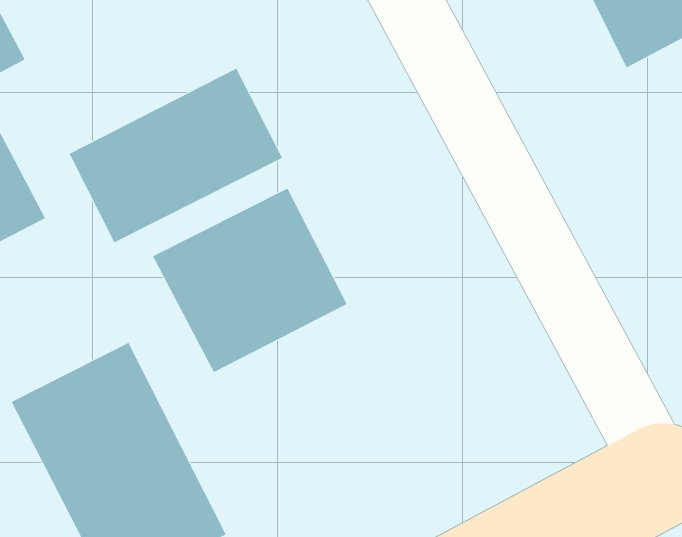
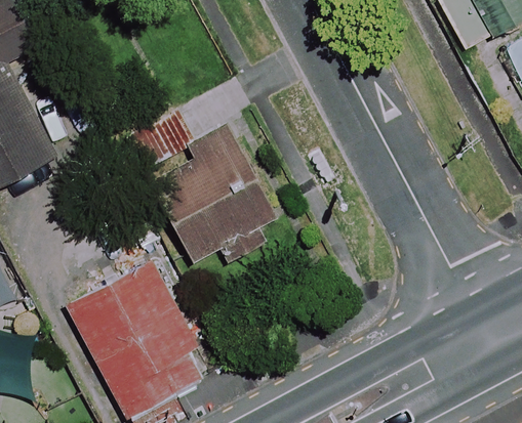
building: [69,68,283,243] -> none

